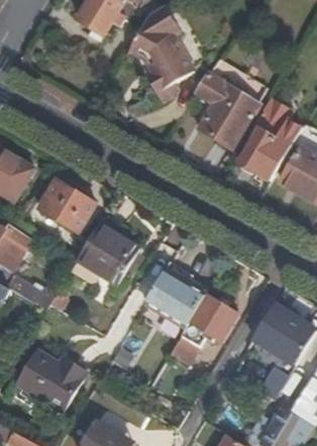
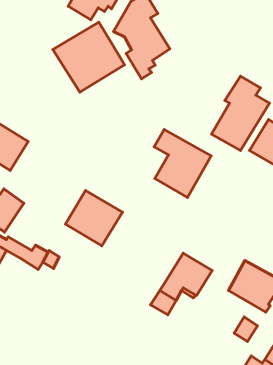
building: none -> [53,22,125,92]
building: [196,74,259,149] -> [154,129,211,198]
building: [39,181,96,232] -> none
building: [145,267,207,326] -> none
building: [14,349,86,411] -> none

